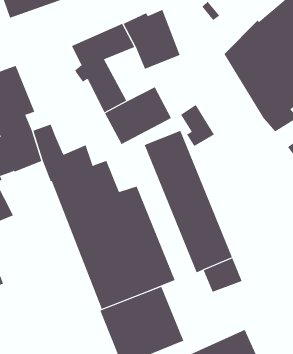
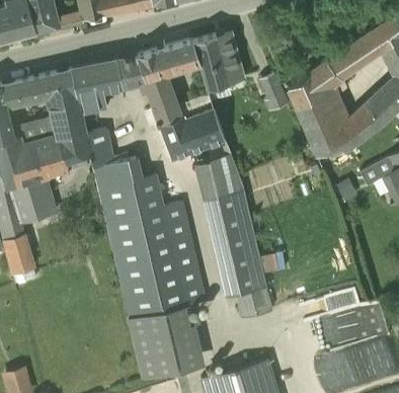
building: none -> [80,57,144,116]
building: [180,104,215,147] -> [259,72,291,113]

